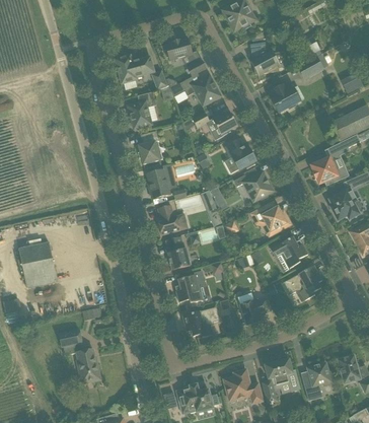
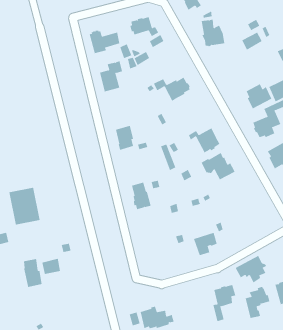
building: [191,75,221,107] -> none
building: [270,82,301,113] -> [246,84,272,109]
building: [138,130,160,164] -> none
building: [224,139,256,173] -> none
building: [158,205,188,234] -> none
building: [271,236,307,269] -> none
building: [283,267,321,300] -> [235,255,267,283]
building: [176,270,206,302] -> none
building: [182,306,220,337] -> none
building: [77,349,100,383] -> [23,259,43,287]
building: [224,369,263,404] -> none

